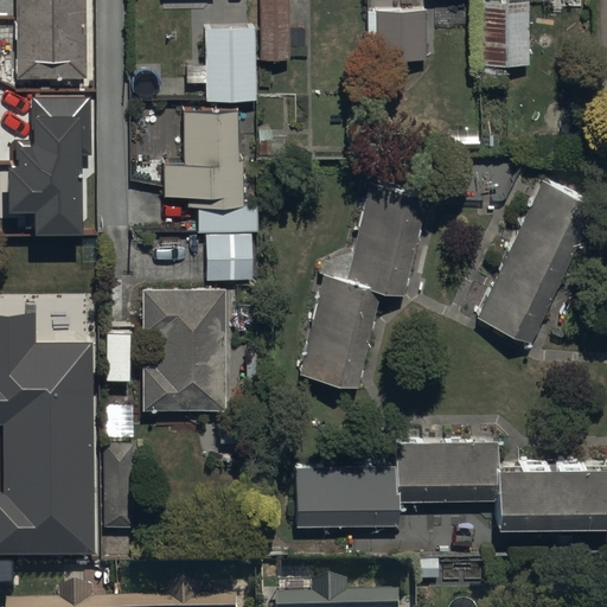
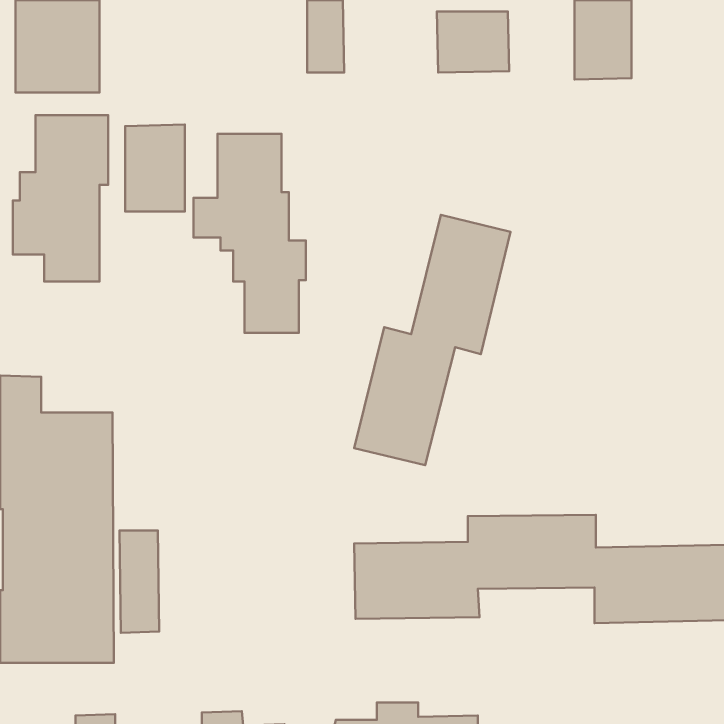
building: [205,30,255,102] -> [125,125,185,211]
building: [475,181,595,346] -> none
building: [142,289,225,410] -> none

